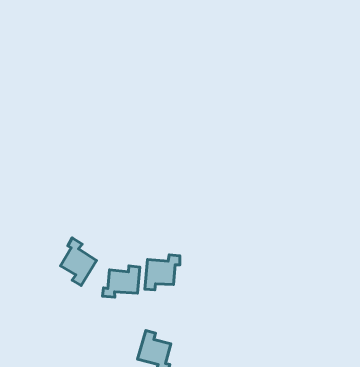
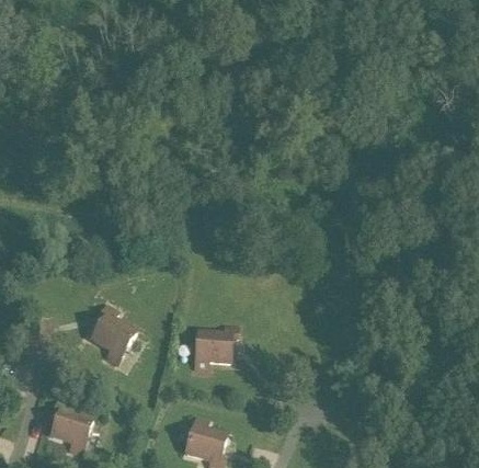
building: [102,266,140,297] -> none
building: none -> [50,400,92,454]

